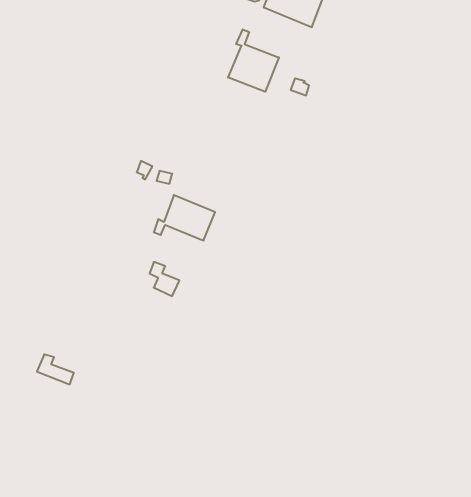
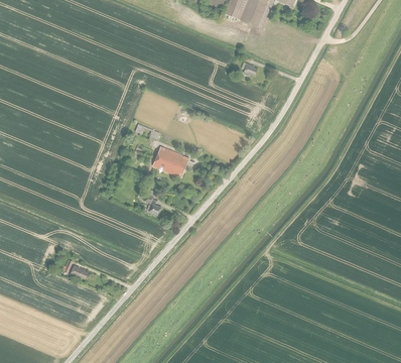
building: [228,29,279,92] -> none

